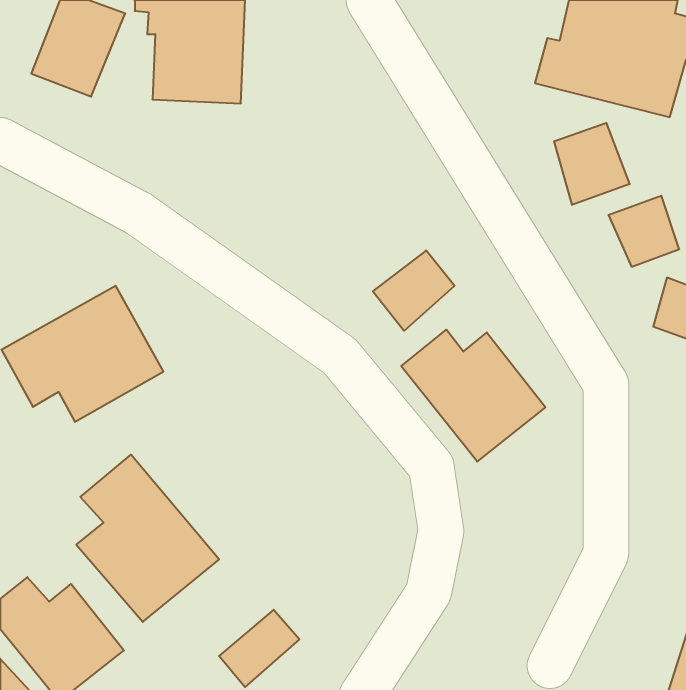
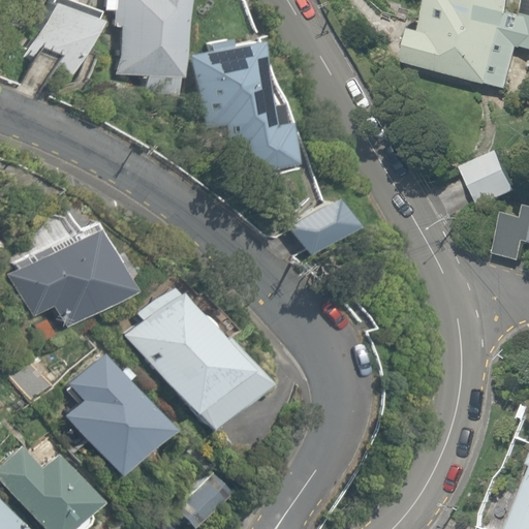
building: none -> [193,40,308,176]
building: [554,123,630,205] -> none
building: [401,330,545,462] -> none
building: none -> [120,282,268,434]

